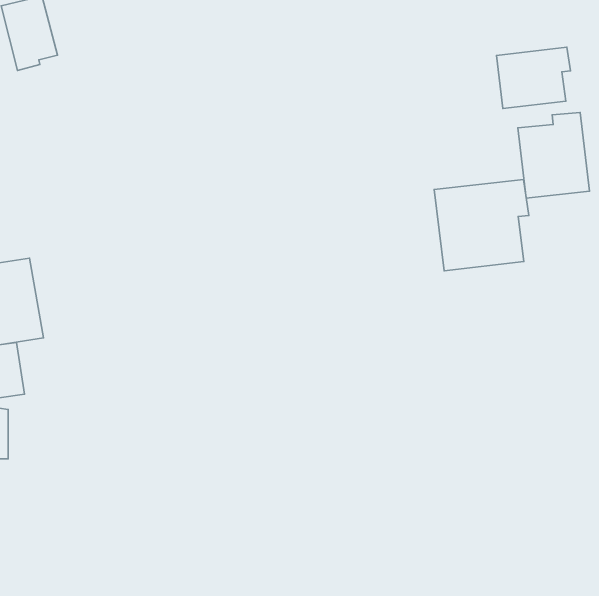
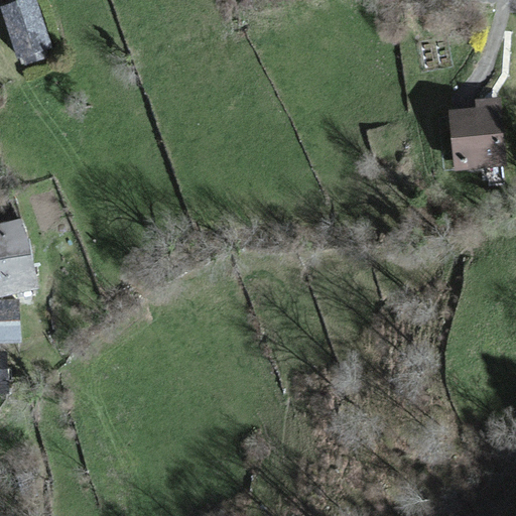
building: [496,47,570,108] -> none
building: [434,179,529,271] -> none

